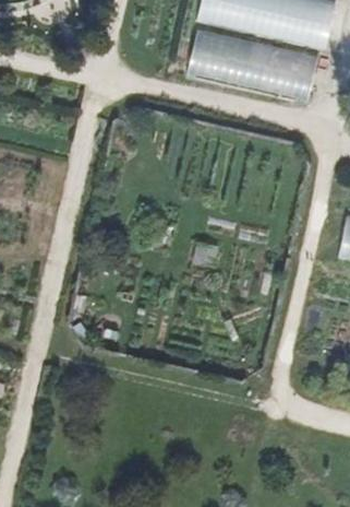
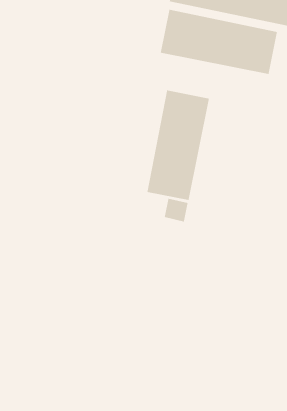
building: none -> [147,89,210,201]

